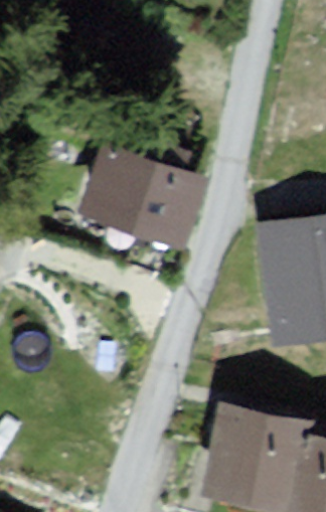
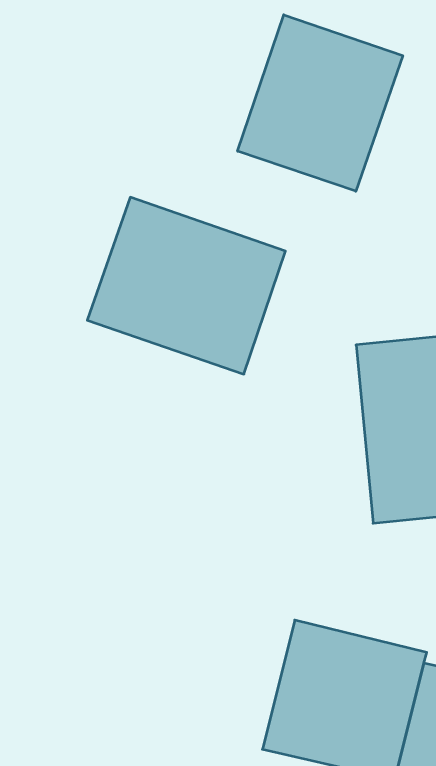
building: none -> [238,15,403,191]

